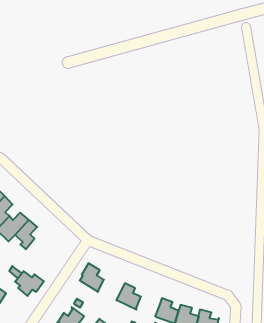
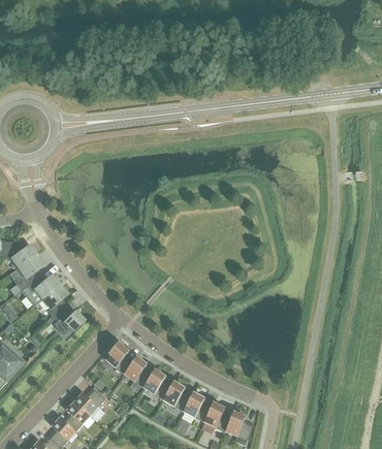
building: [15,271,44,296] -> [52,304,84,332]
building: none -> [125,355,152,387]
building: none -> [164,380,191,411]

